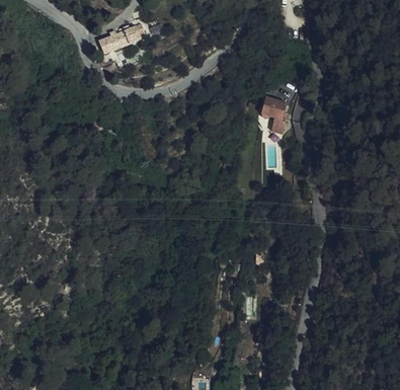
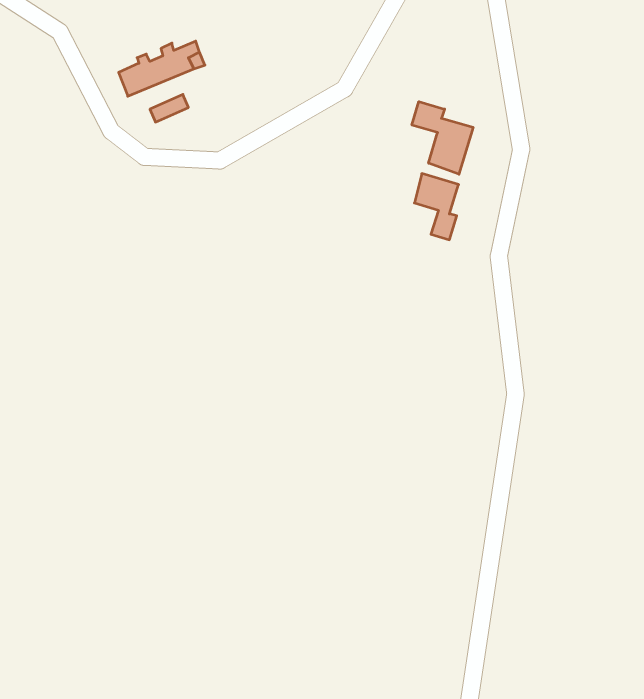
building: none -> [412,102,473,174]

